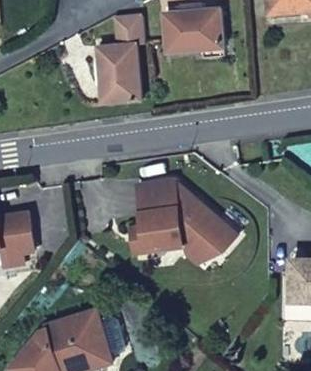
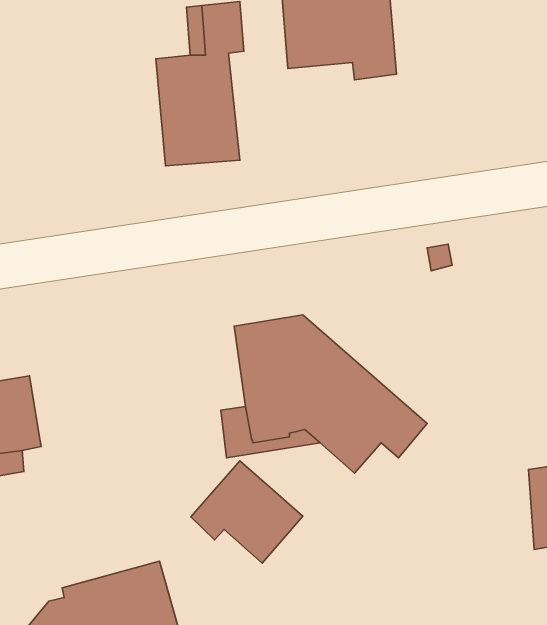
building: none -> [191,461,303,563]

